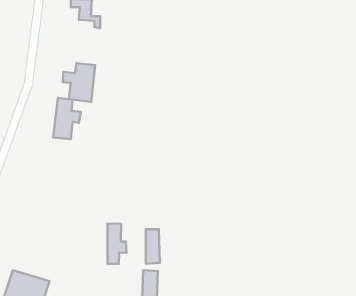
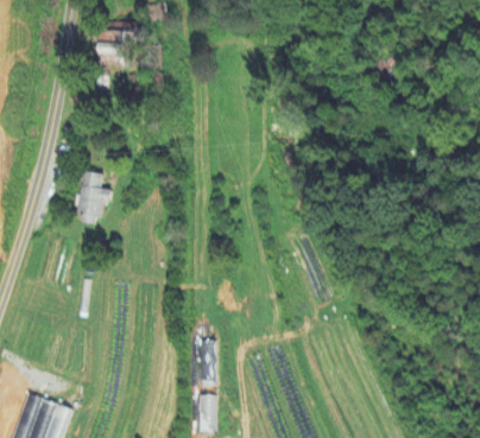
building: [63,63,95,102] -> none
building: [107,224,126,264] -> none

